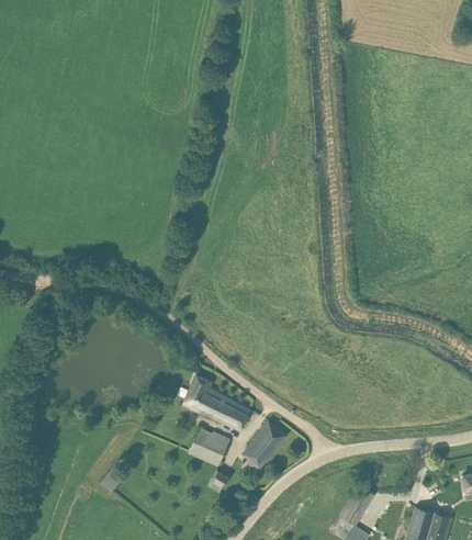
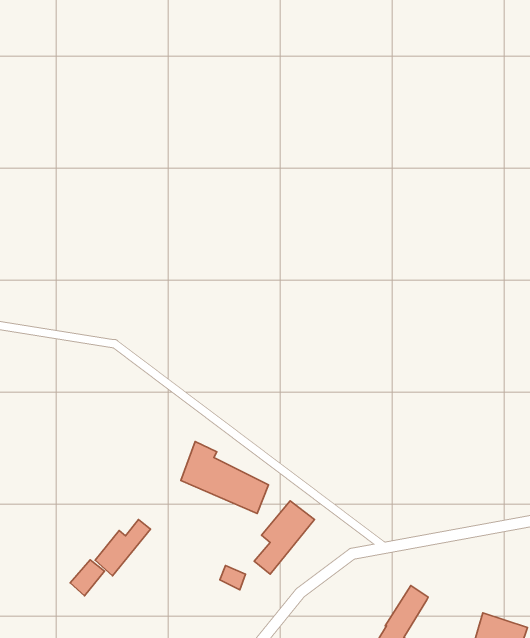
building: [189,427,231,465] -> none
building: none -> [95,520,151,576]

